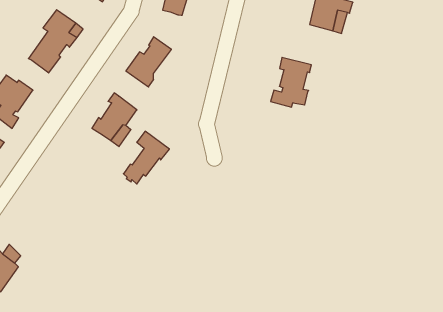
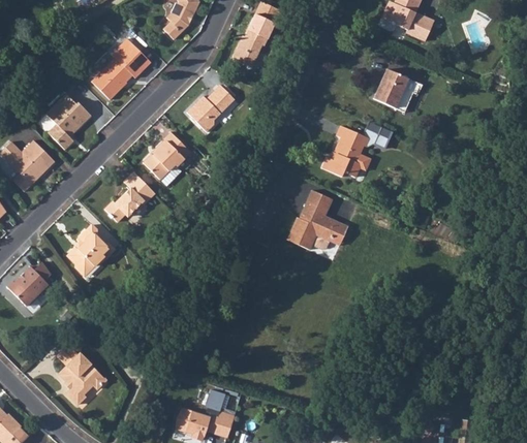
building: none -> [288,189,348,249]
building: [123,131,169,184] -> [104,171,154,222]
building: none -> [65,227,110,279]

